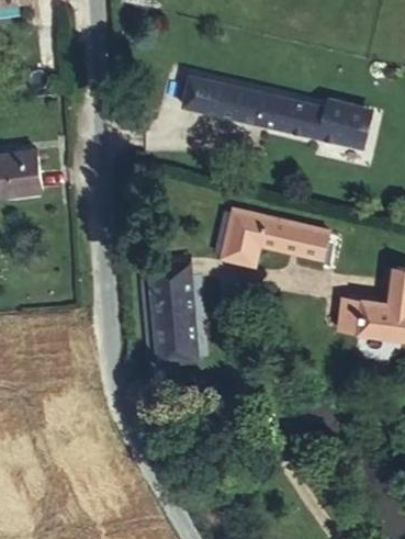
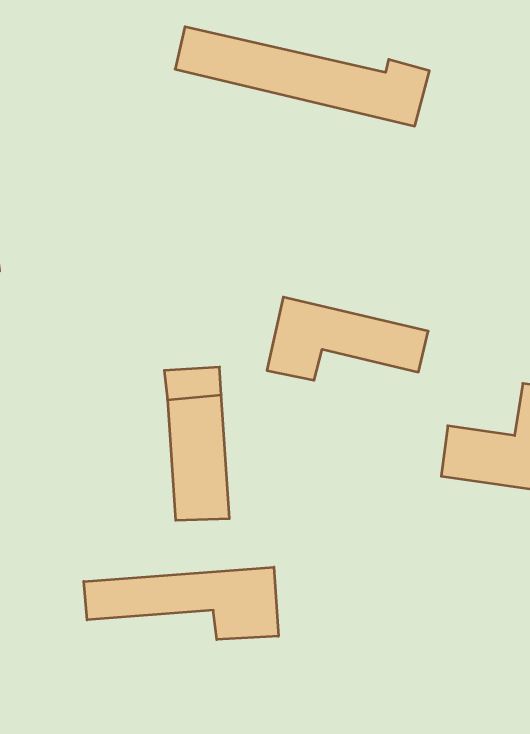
building: [183,77,355,144] -> [175,27,429,126]
building: none -> [84,567,278,640]

